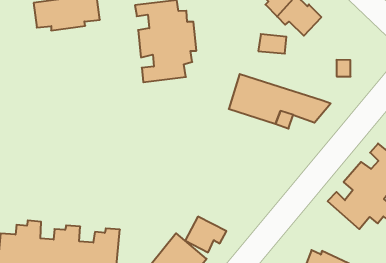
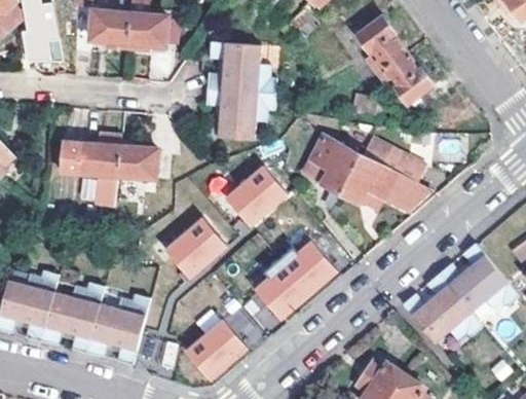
building: none -> [359,136,425,183]
building: none -> [63,135,160,208]
building: none -> [227,166,290,227]
building: none -> [242,227,337,319]
building: none -> [165,217,228,279]

